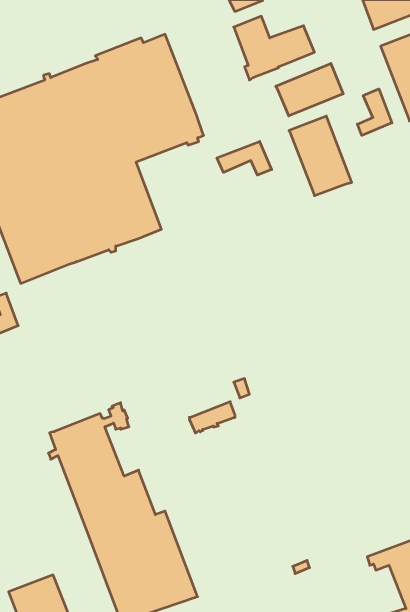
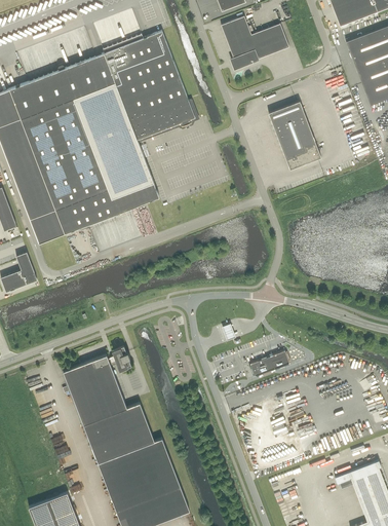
building: [276,63,343,116] -> none
building: [357,89,392,135] -> none
building: [217,141,272,175] -> none
building: [189,402,235,433] -> [250,350,289,377]

